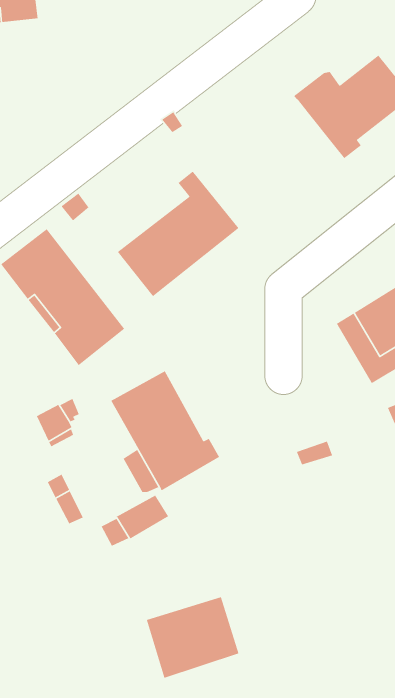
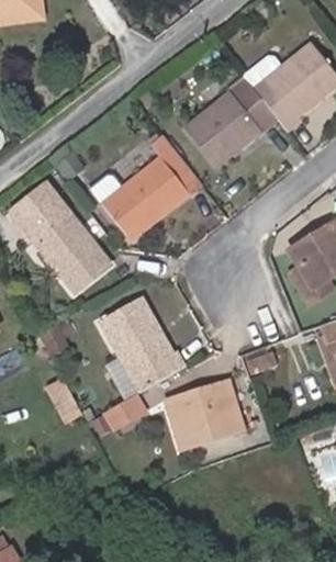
building: none -> [188,80,276,162]
building: [146,596,239,679] -> [167,381,242,447]

